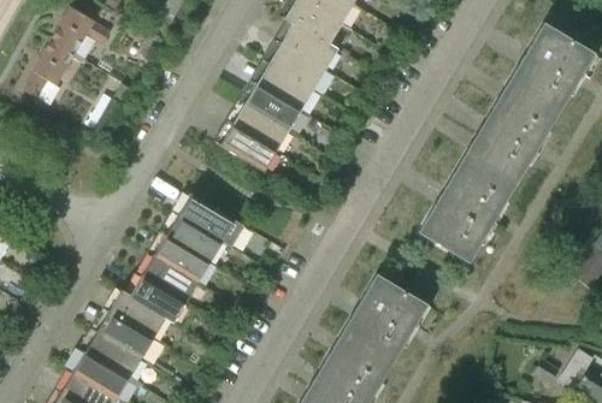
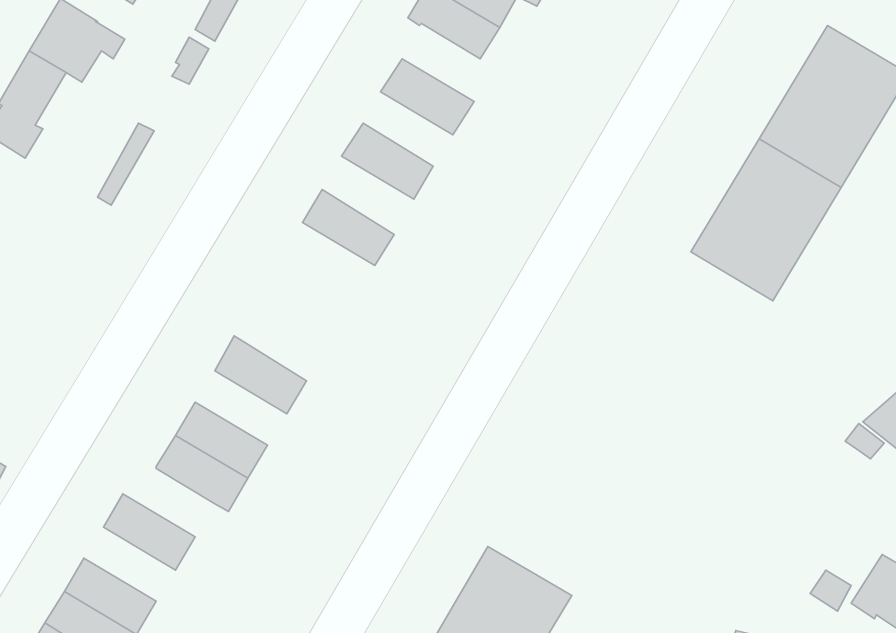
building: [282,22,338,70] -> none
building: [258,64,313,109] -> none
building: [232,103,289,152] -> none
building: [419,162,510,262] -> none
building: [178,194,246,248] -> none
building: [154,236,211,281] -> none
building: [335,274,427,374] -> none
building: [110,290,166,338] -> none
building: [85,332,142,378] -> none

